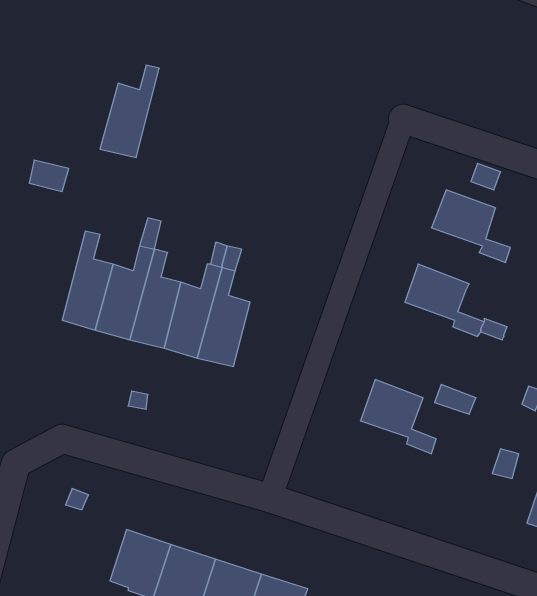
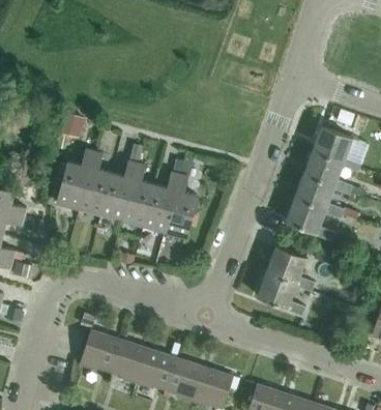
building: [100,65,159,157] -> [57,150,94,208]
building: none -> [303,150,353,196]
building: none -> [286,197,335,242]
building: none -> [258,271,305,316]
building: none -> [80,330,120,372]

